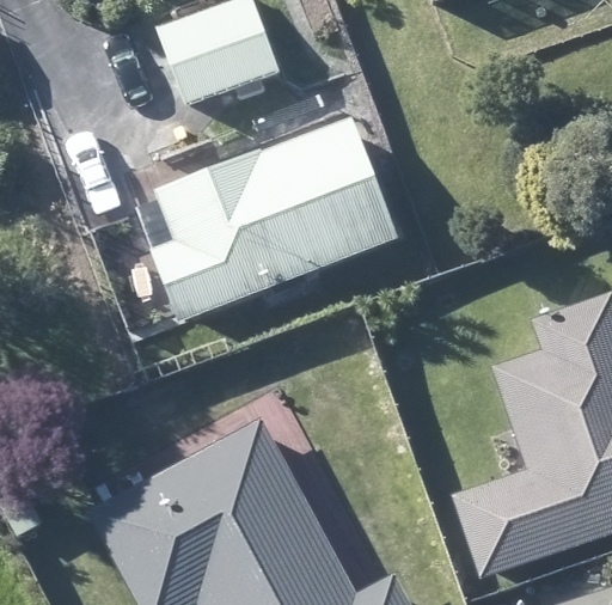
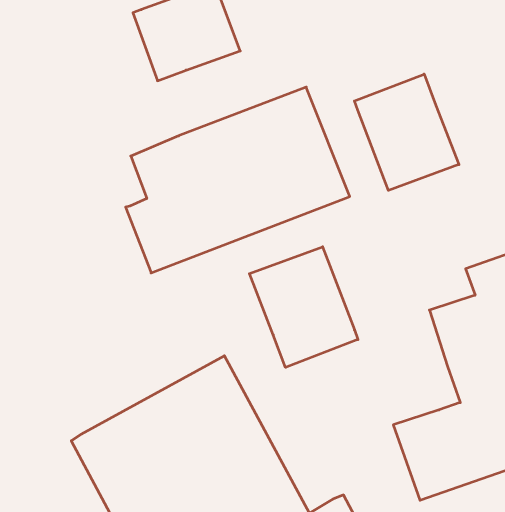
building: none -> [354,74,459,190]
building: none -> [249,247,358,367]

